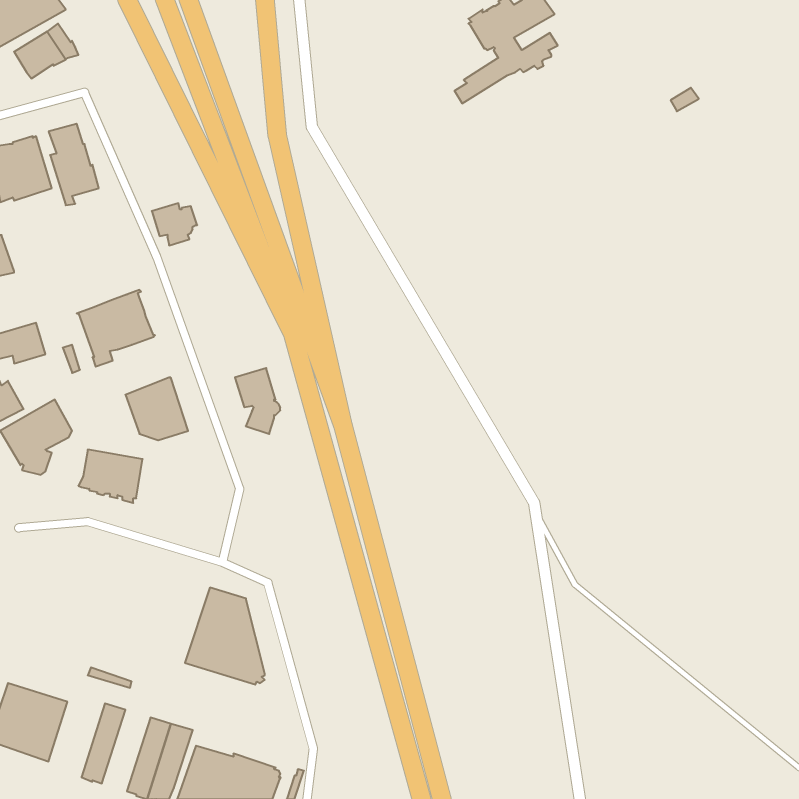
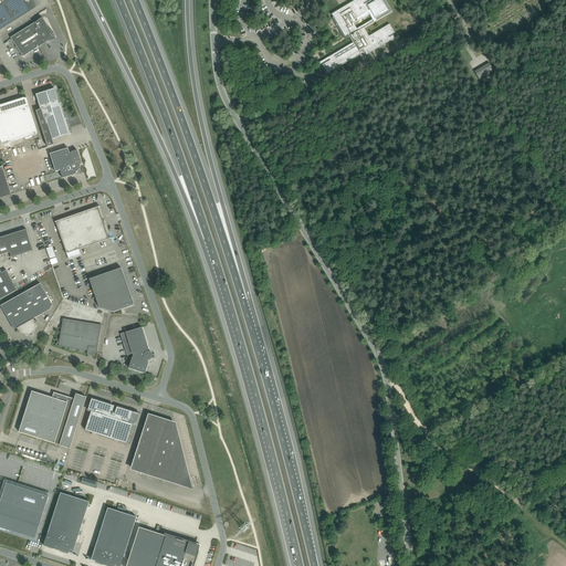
building: [152,203,197,245] -> [49,147,81,177]
building: [235,368,280,434] -> [119,326,151,373]
building: none -> [18,390,85,447]
building: none -> [84,397,138,442]
building: none -> [42,491,74,548]

